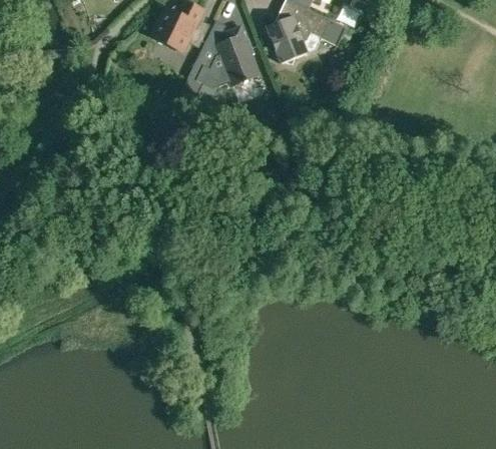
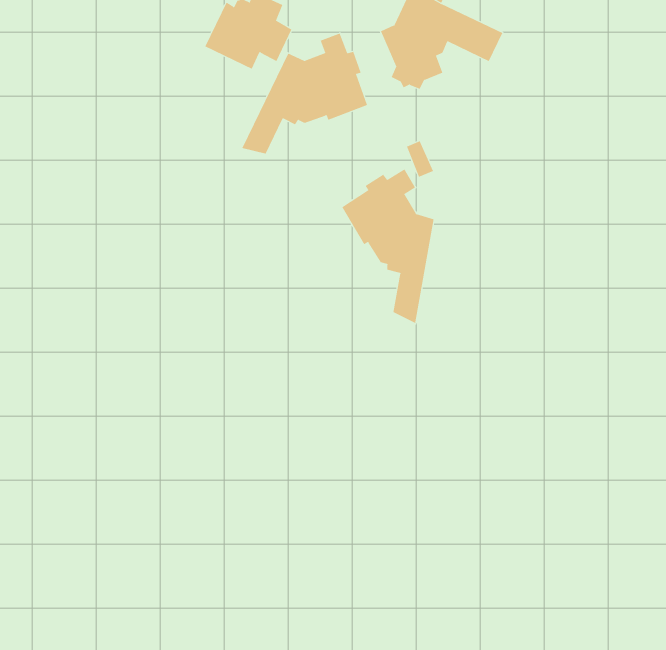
building: none -> [342,169,434,324]

